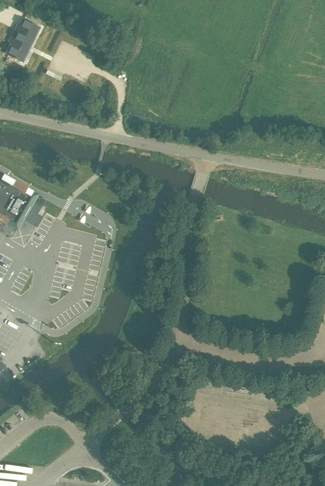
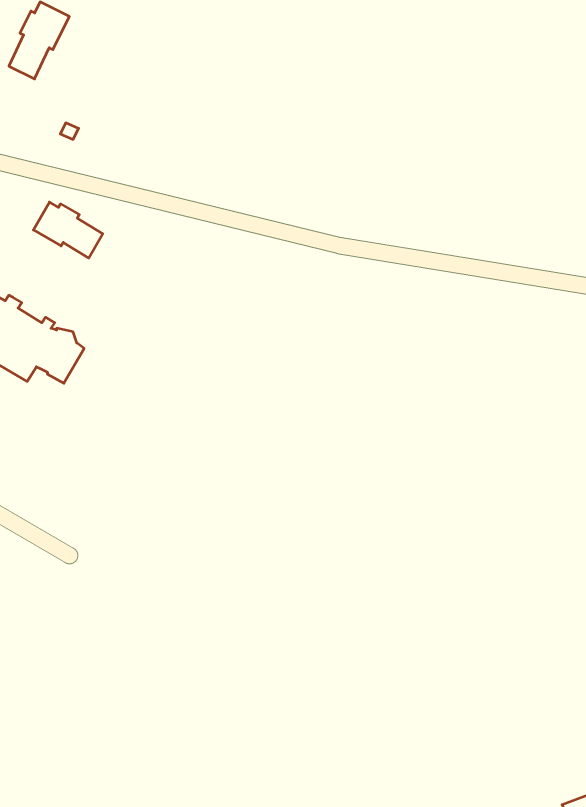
building: none -> [33,202,103,258]

